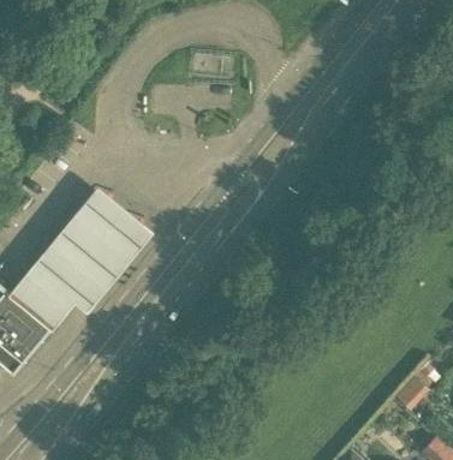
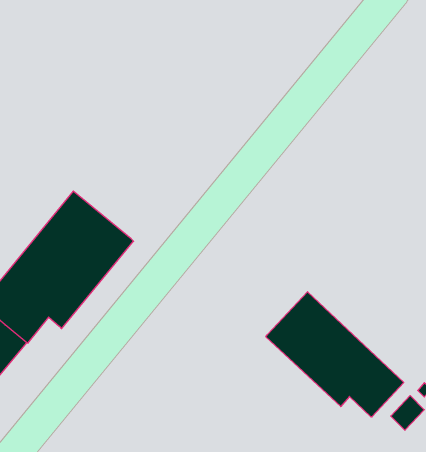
building: none -> [266,292,404,417]

